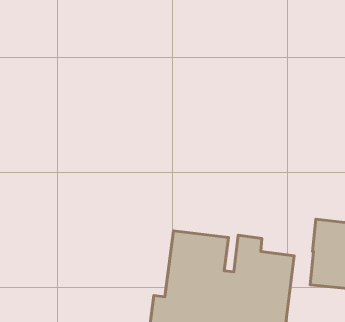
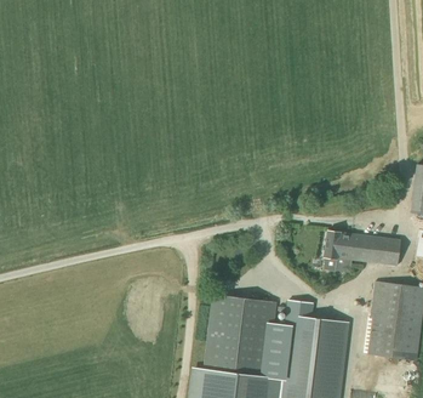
building: none -> [324,229,399,272]

